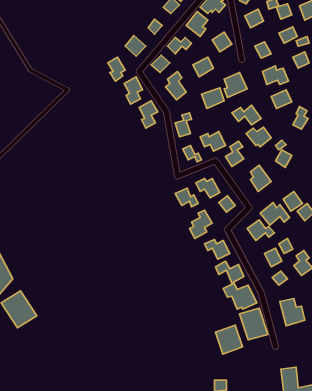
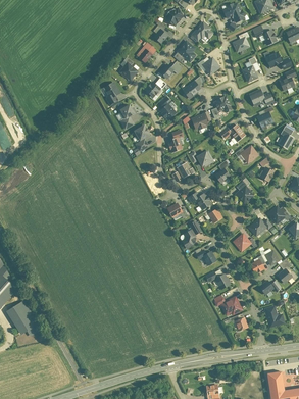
building: [216,325,242,354] -> none

